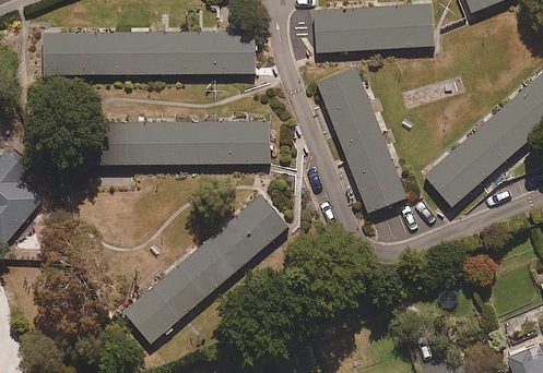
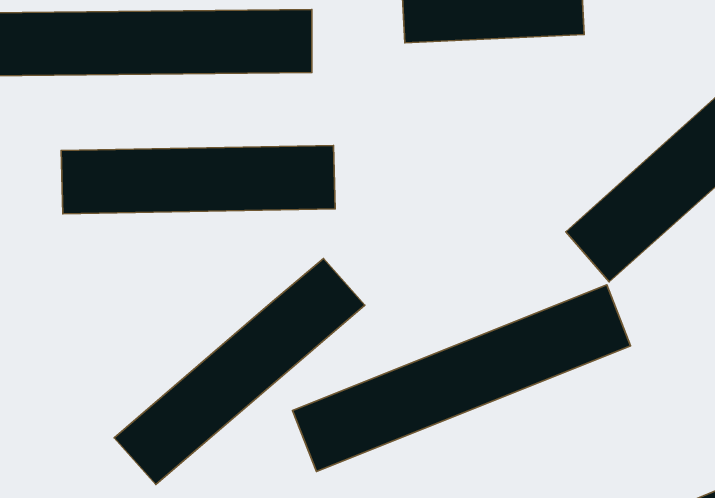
building: [315,65,405,214] -> none
building: none -> [293,285,630,472]

